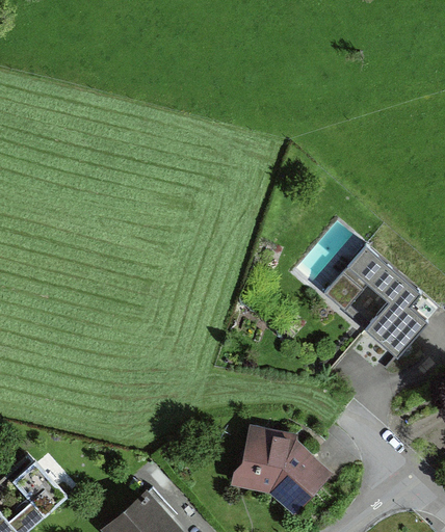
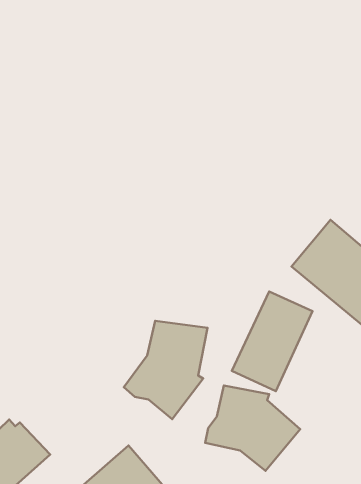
building: none -> [232,291,313,391]
building: none -> [124,321,207,419]

